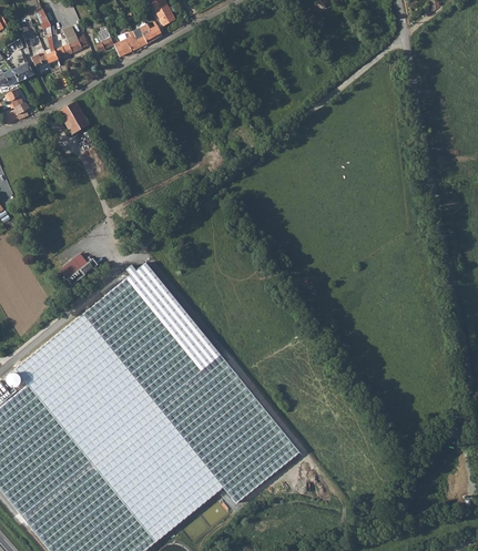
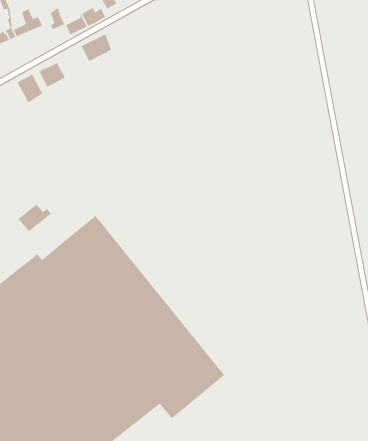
building: none -> [81,34,112,62]
building: none -> [39,62,66,88]

